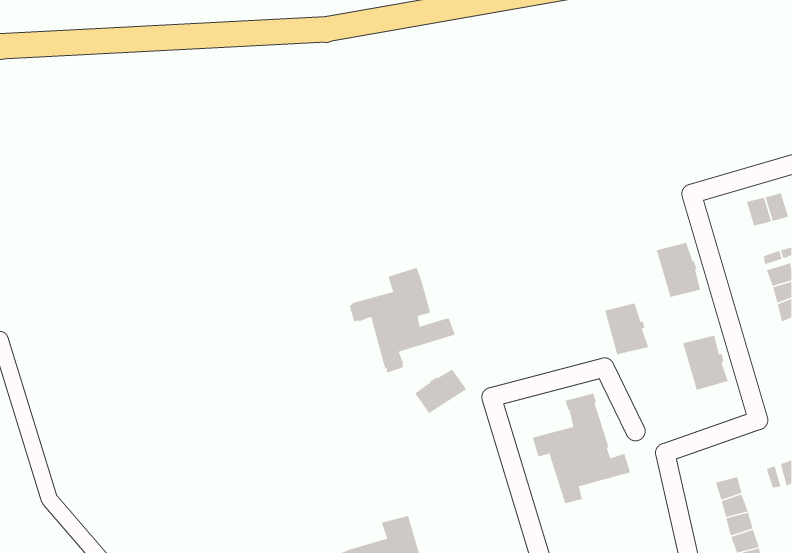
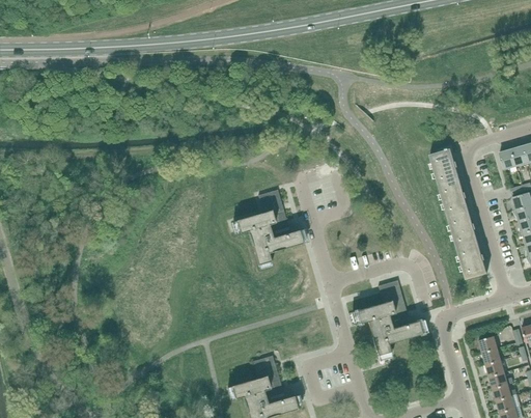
building: none -> [429,148,459,185]
building: [604,303,649,355] -> [448,212,478,247]
building: [414,369,467,414] -> none

